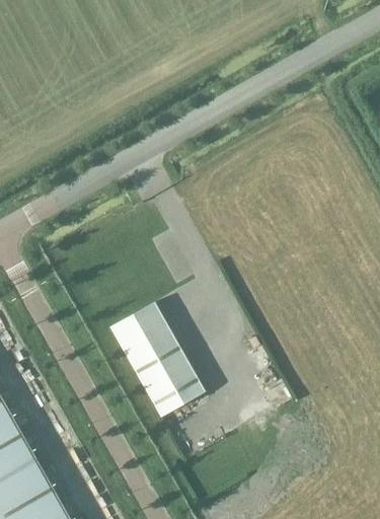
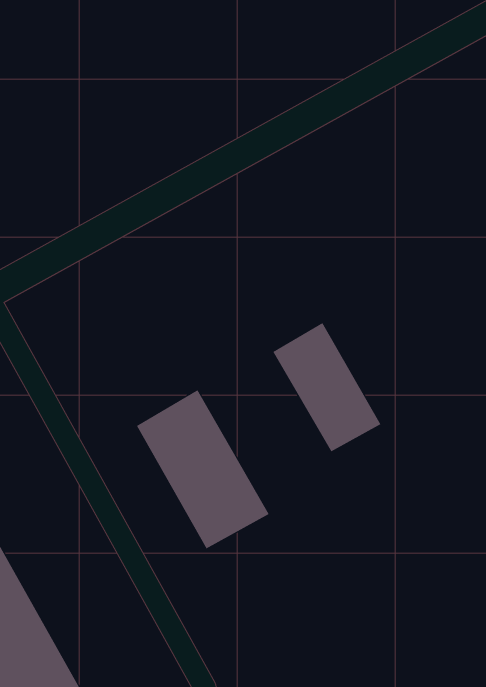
building: none -> [273,322,381,452]

